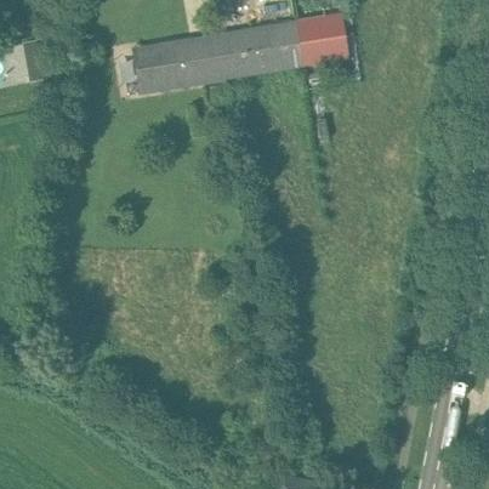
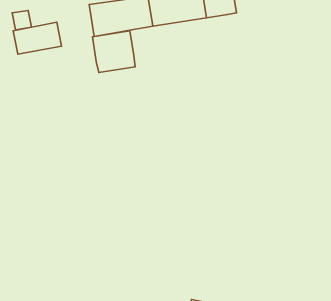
building: none -> [13,22,62,54]
building: none -> [92,31,135,72]

